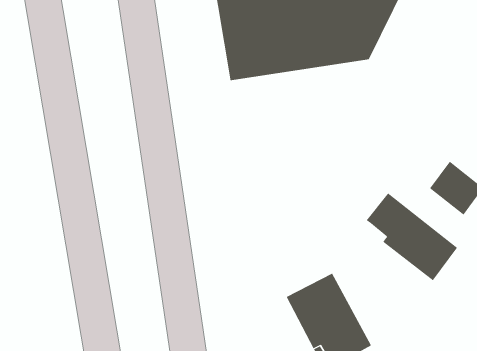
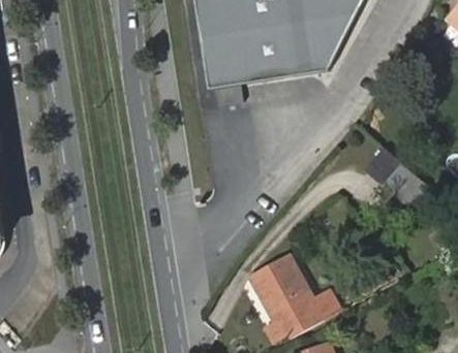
building: [366,192,458,281] -> none

